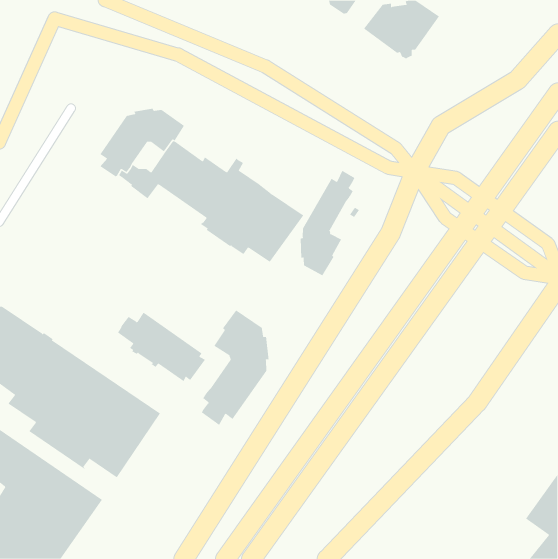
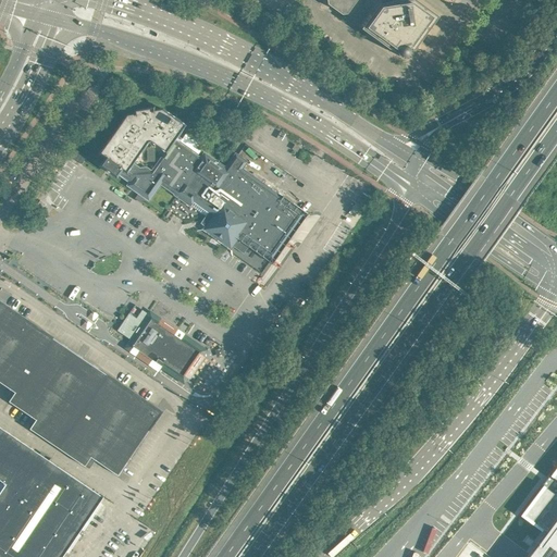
building: [300,170,355,276] -> none
building: [201,310,269,426] -> none

